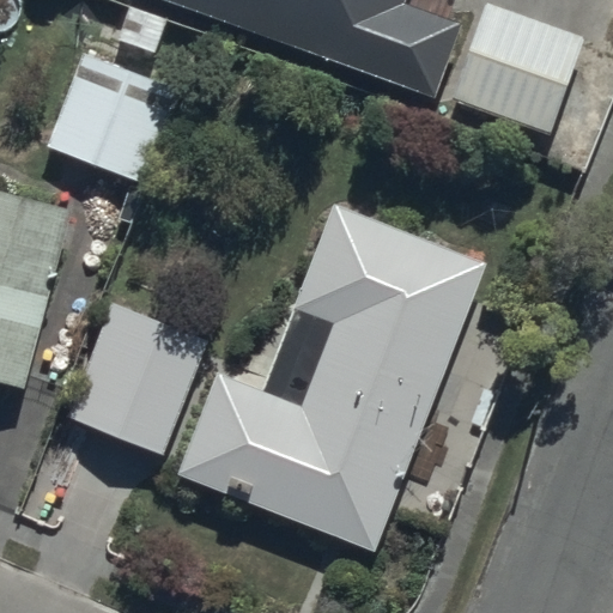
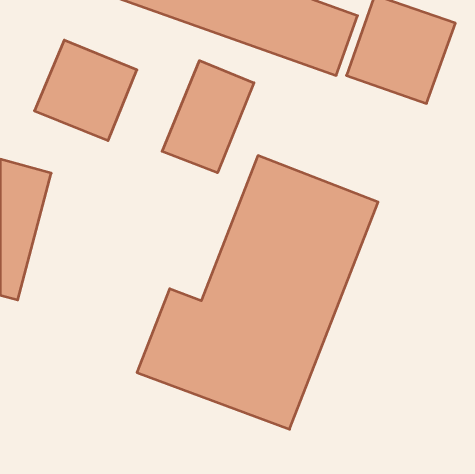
building: none -> [162,61,254,173]
building: [71,303,211,455] -> none

